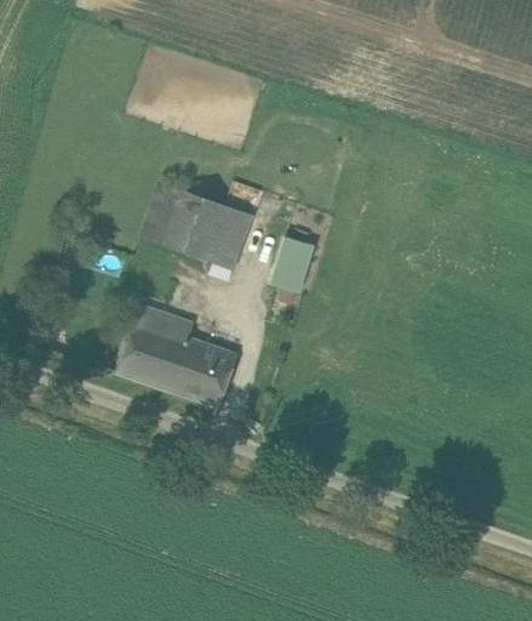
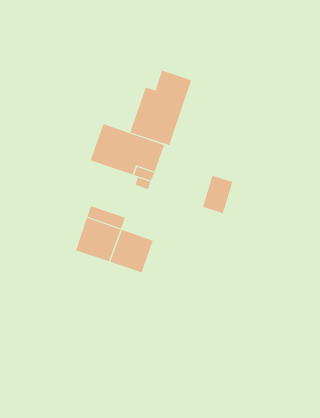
building: none -> [130,70,192,146]
building: [270,237,316,294] -> [202,175,233,214]

